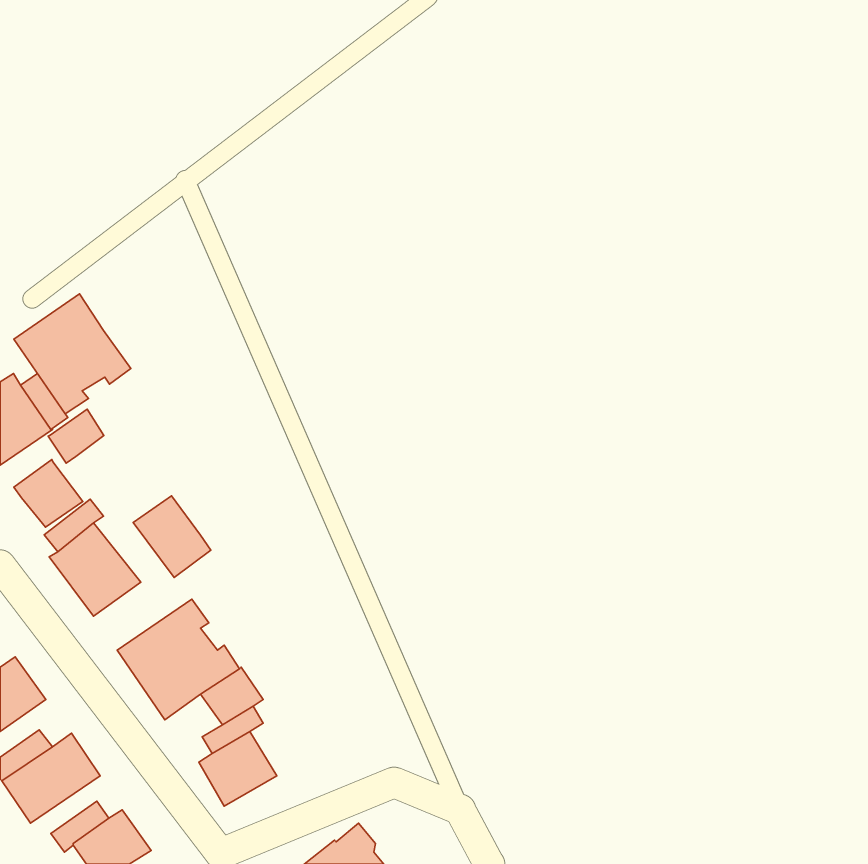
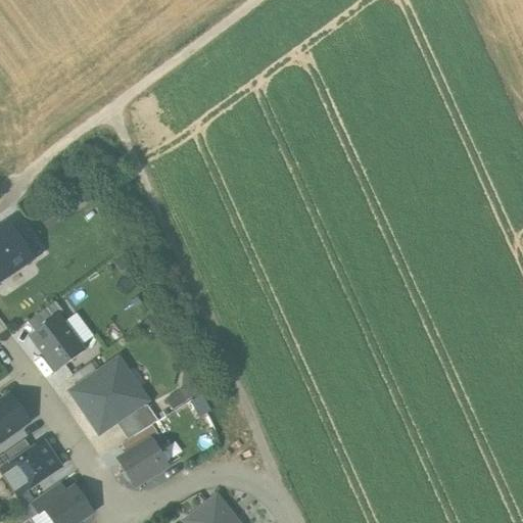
building: [14,294,131,414] -> none
building: [48,409,104,463] -> none
building: [14,460,83,527] -> none
building: [133,496,211,577] -> none

